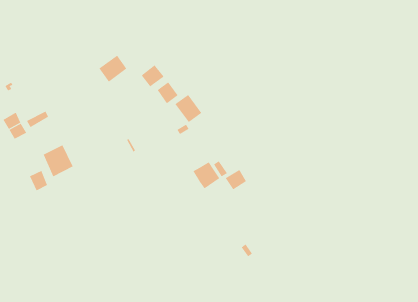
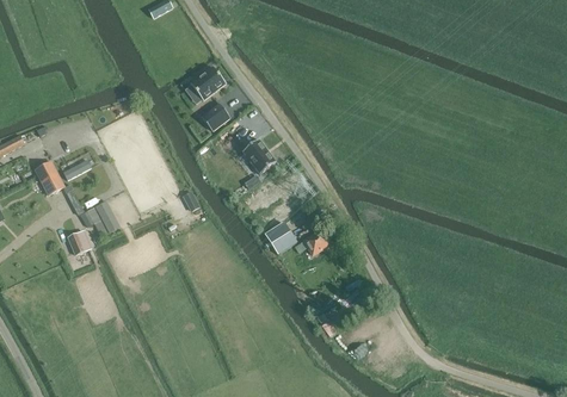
building: [99,55,127,82] -> [191,67,226,100]

